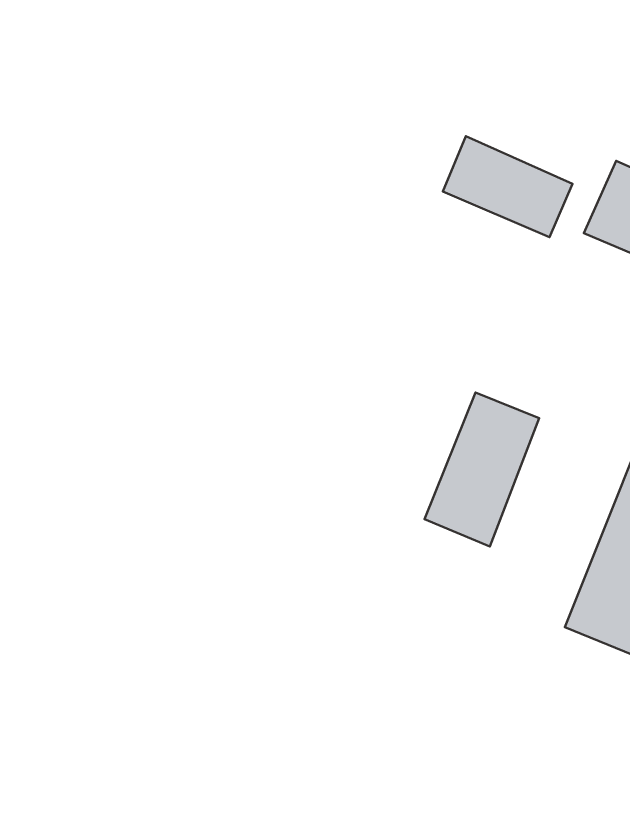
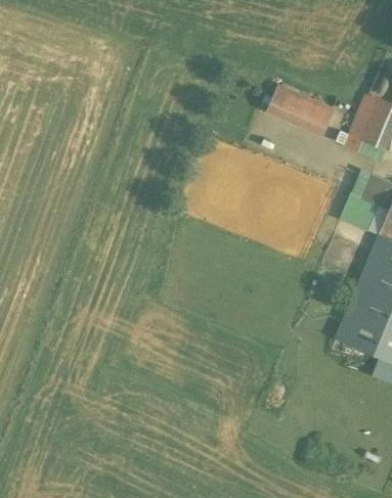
building: [424,393,539,547] -> none

